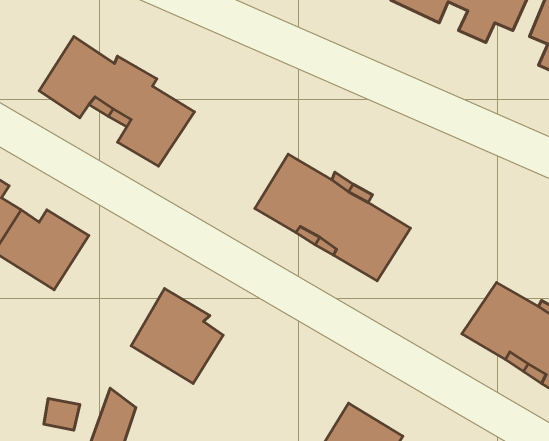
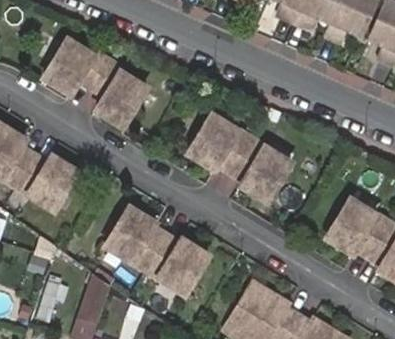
building: none -> [148,236,212,294]

